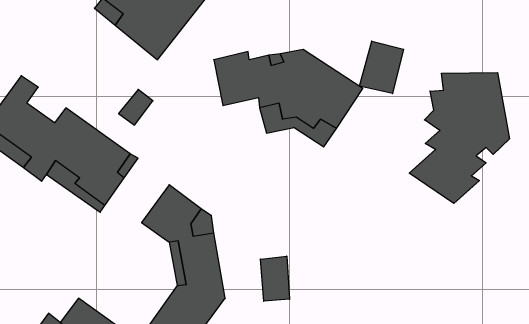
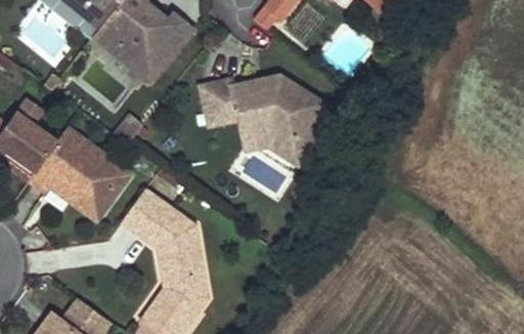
building: [360,41,404,94] -> none
building: [409,73,509,203] -> none
building: [260,256,290,301] -> none

